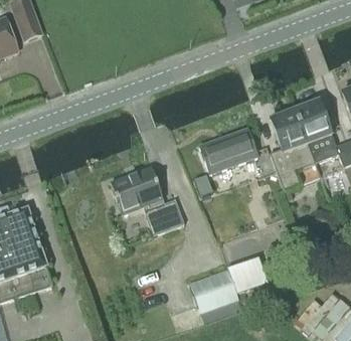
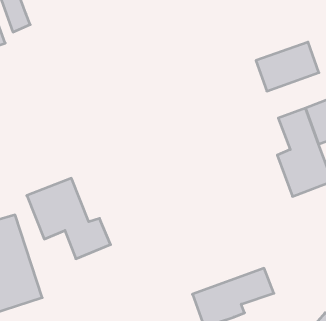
building: [200,127,258,172] -> [256,42,319,91]
building: [110,161,187,235] -> [27,178,111,259]

